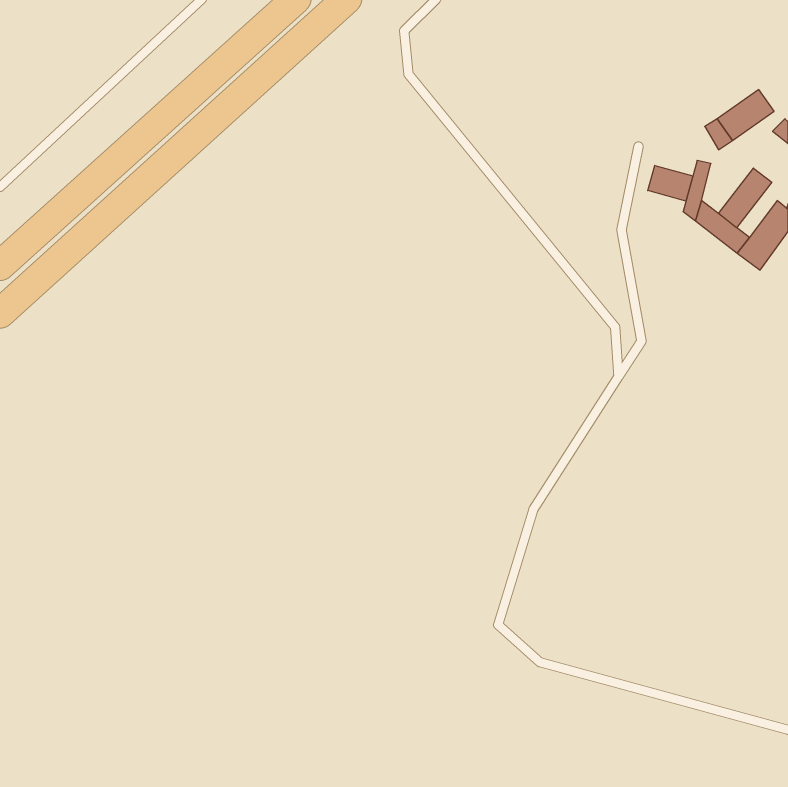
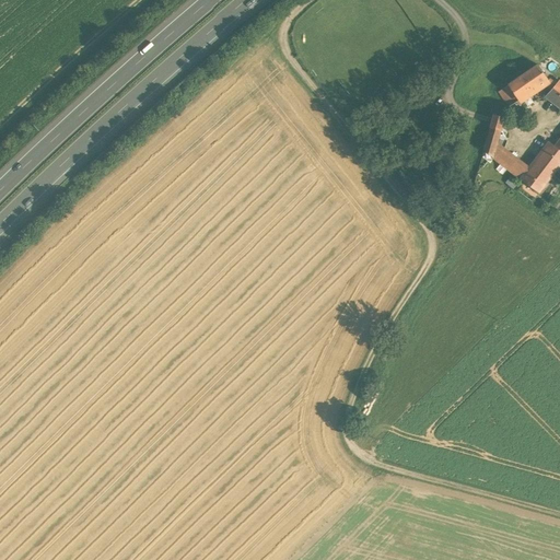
building: [648,165,693,201] -> none
building: [719,168,772,228] -> none

